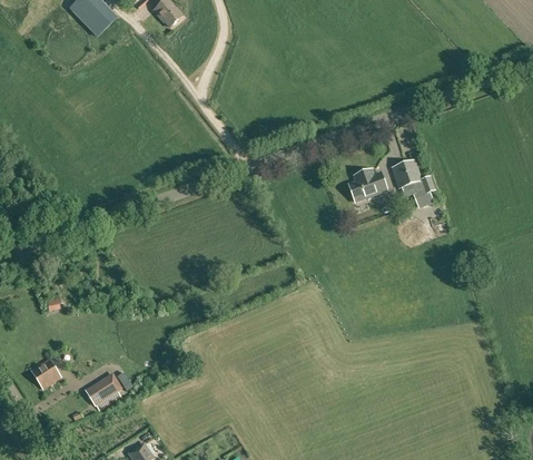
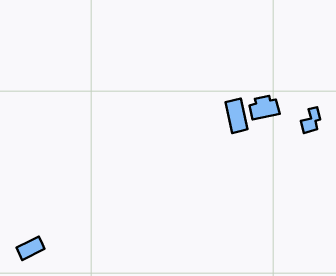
building: [392,160,421,187] -> none
building: none -> [226,99,248,133]

